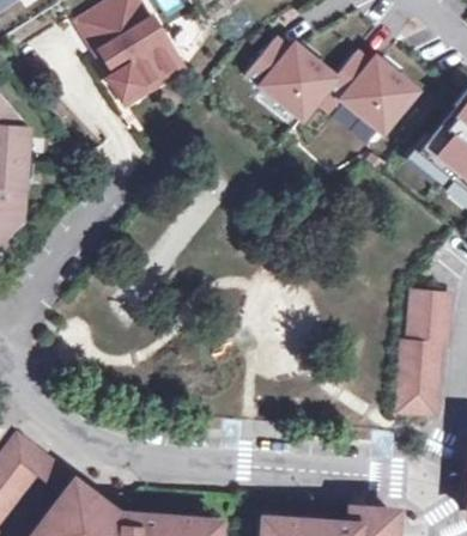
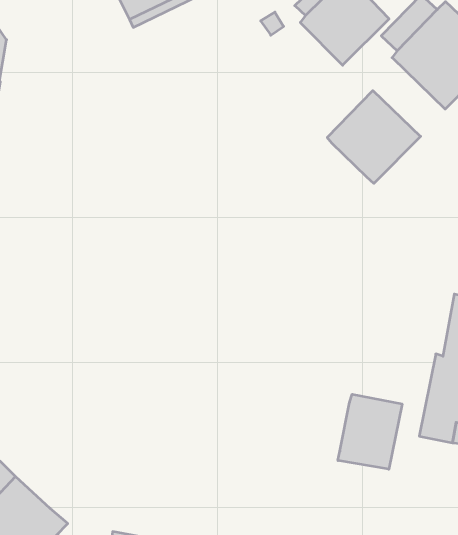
building: none -> [327,91,421,183]
building: none -> [338,394,402,469]

